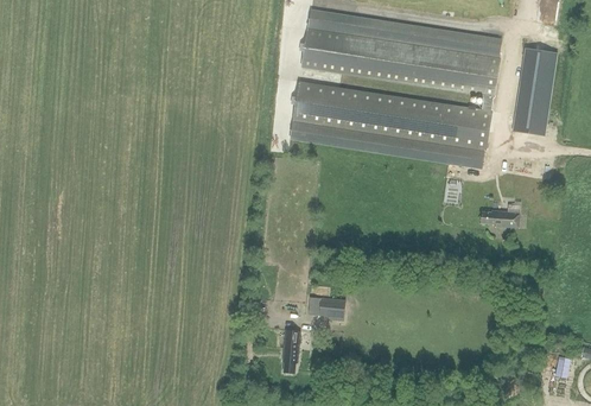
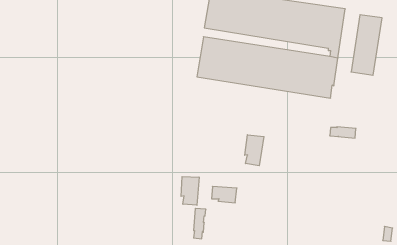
building: none -> [245,135,264,166]
building: none -> [181,177,199,205]

